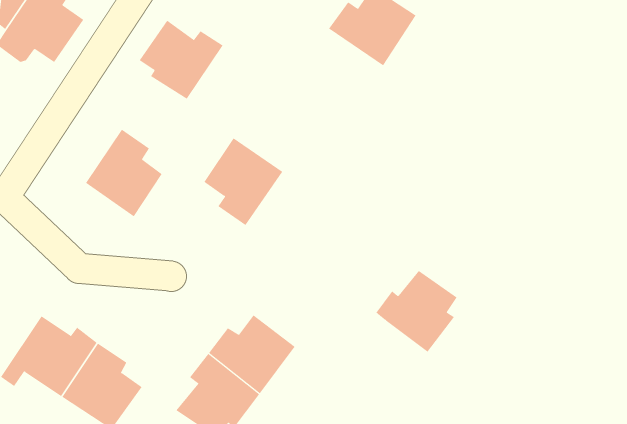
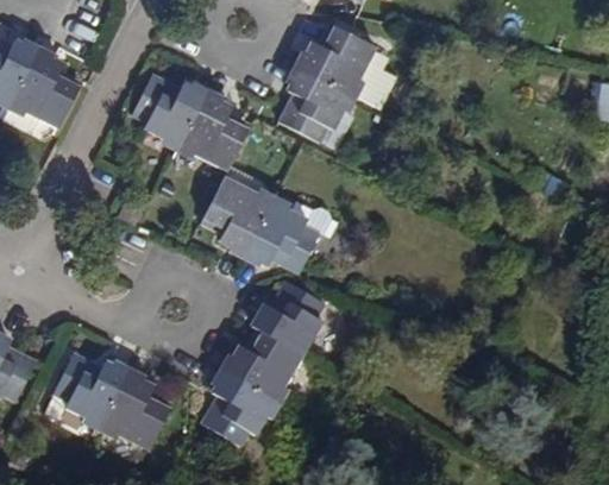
building: none -> [280,65,350,141]
building: [85,129,162,217] -> [178,93,246,170]
building: none -> [245,199,319,269]
building: [376,270,458,353] -> [252,281,324,353]

